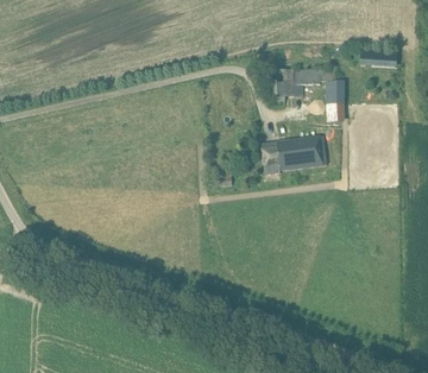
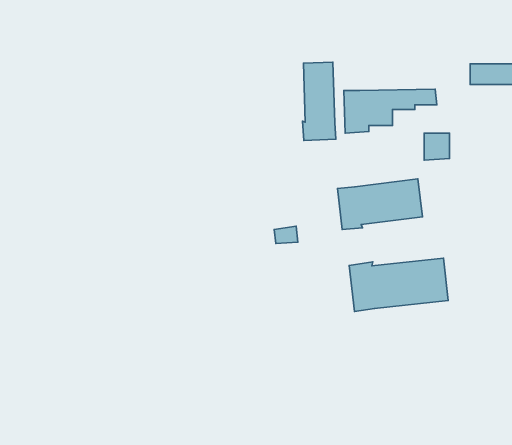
building: none -> [302,62,336,141]
building: none -> [349,258,448,311]

